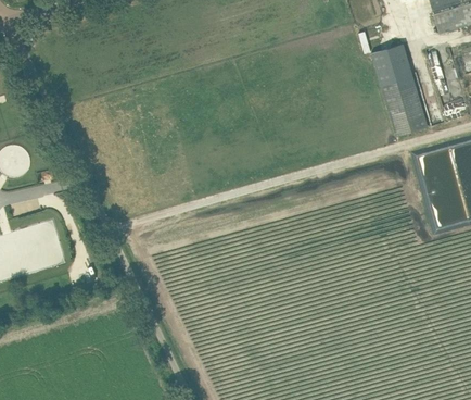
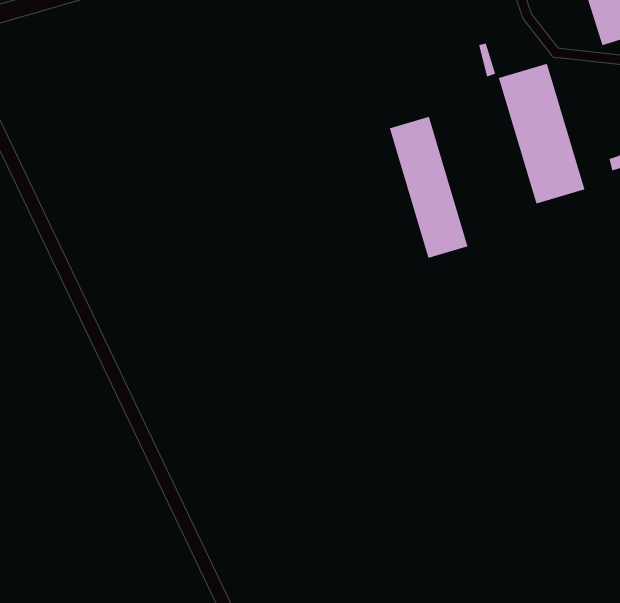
building: none -> [389,116,469,259]

